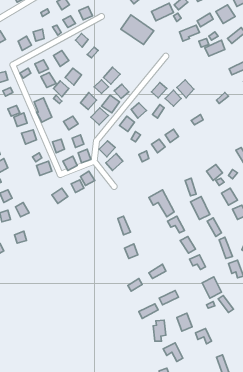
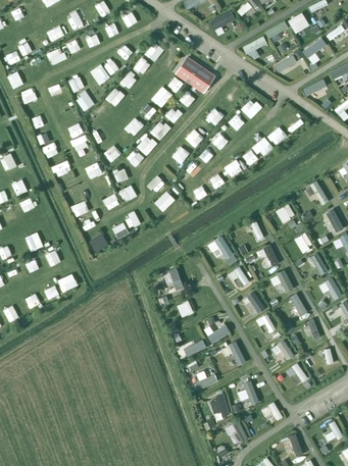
building: [121,15,154,44] -> [175,58,214,94]

